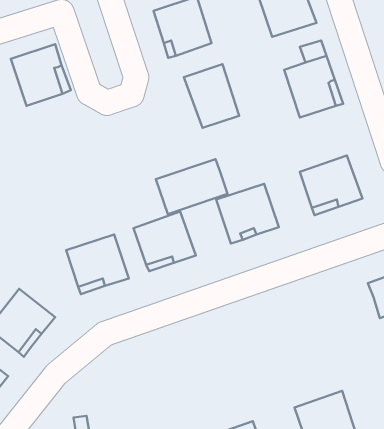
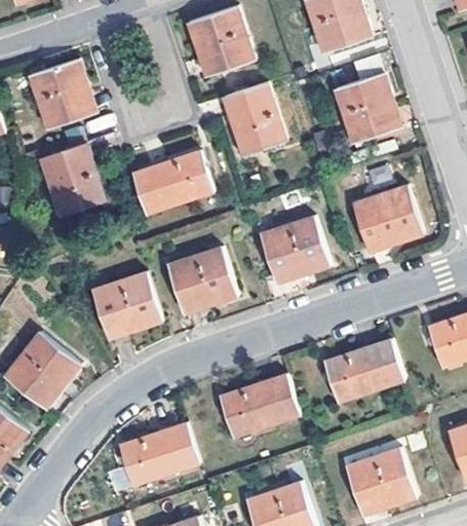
building: none -> [40,144,103,216]
building: [156,159,227,214] -> [132,151,212,213]
building: none -> [323,340,403,401]
building: none -> [218,375,298,436]
building: none -> [118,422,198,485]

